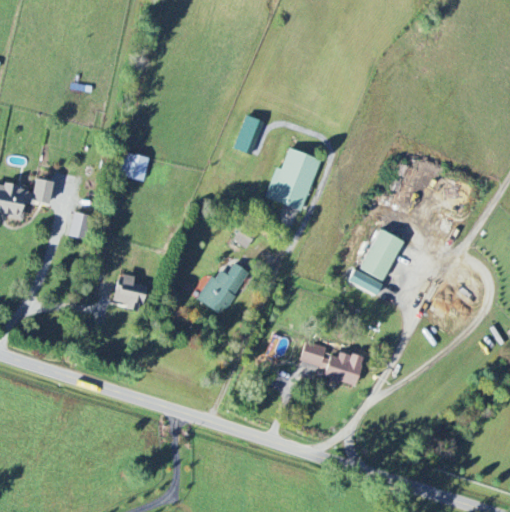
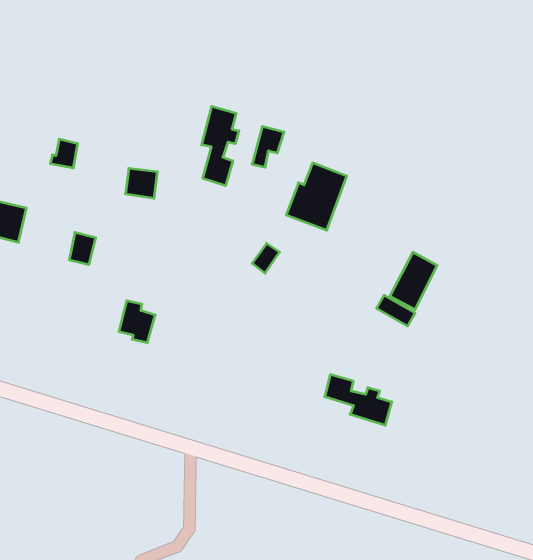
building: none -> [202,106,239,186]
building: [27,178,52,204] -> [50,139,78,168]
building: [197,263,247,314] -> none

